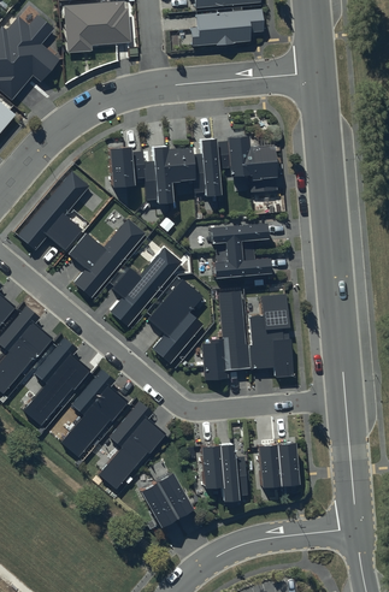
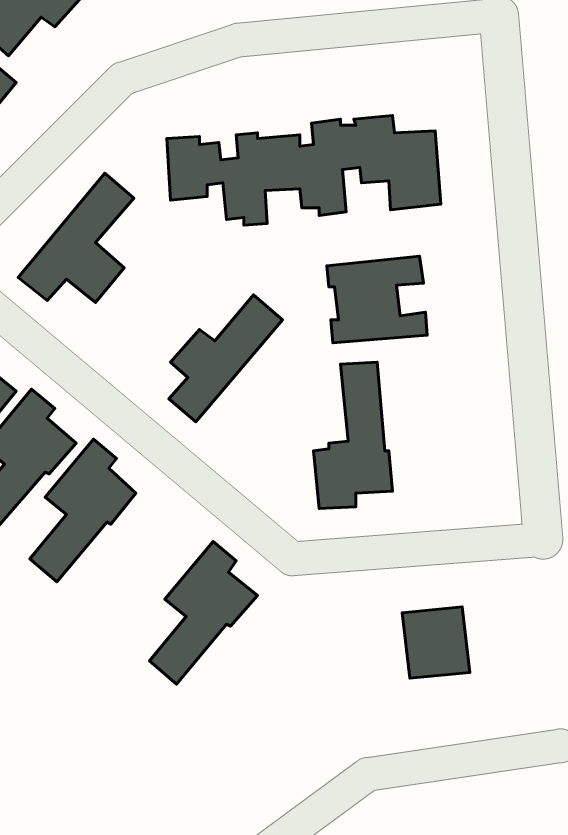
building: [67,218,146,297] -> none
building: [148,279,204,363] -> none
building: [248,294,294,378] -> none
building: [61,369,129,457] -> none
building: [201,444,248,501] -> none
building: [138,472,193,527] -> none

